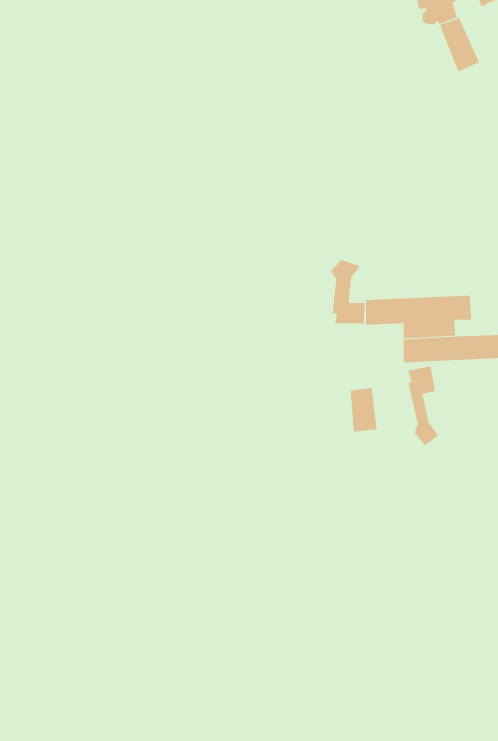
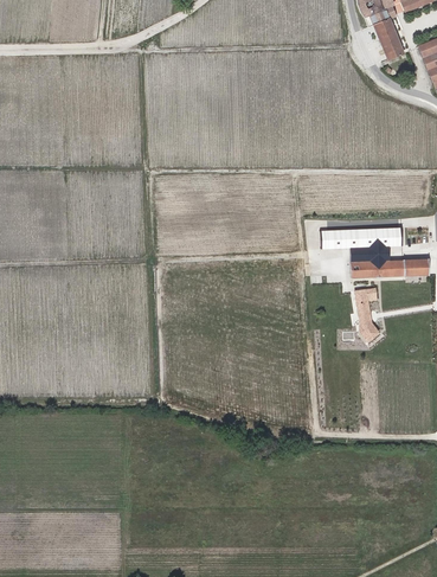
building: [330,259,365,324] -> none
building: [350,387,377,432] -> none

